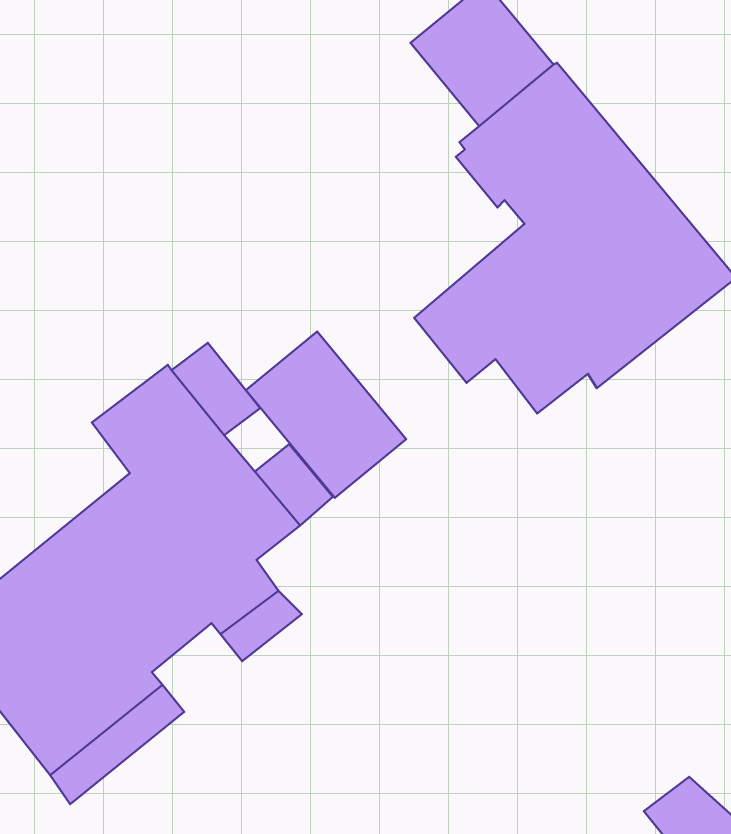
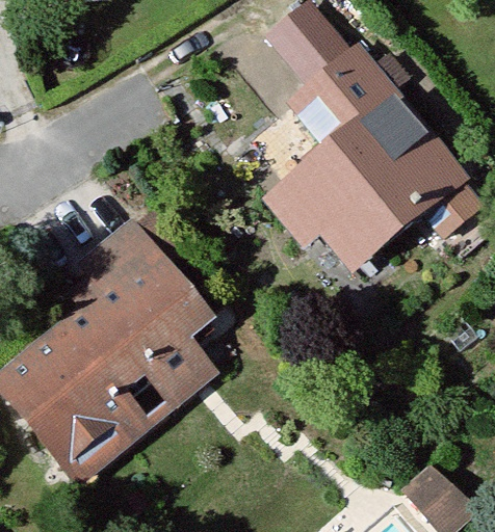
building: [246,332,406,498] -> none

